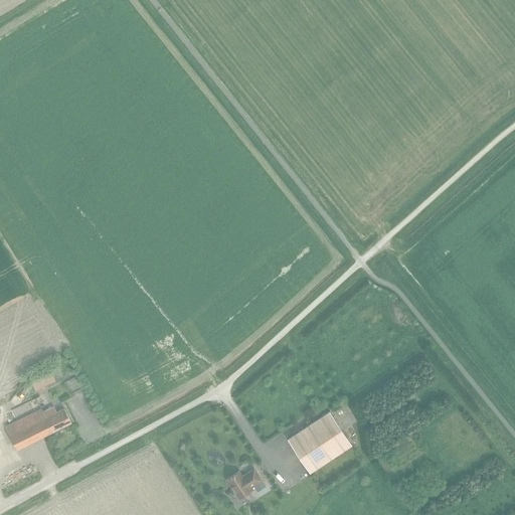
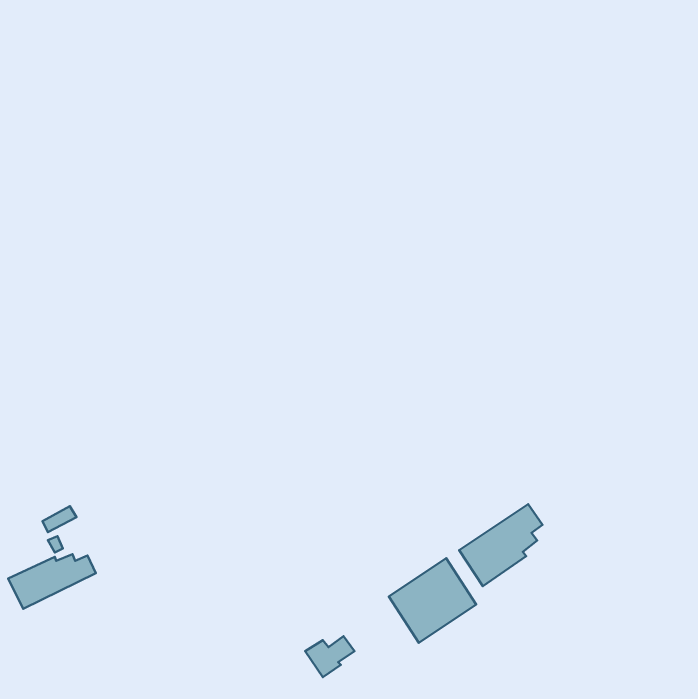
building: none -> [459,504,543,586]

